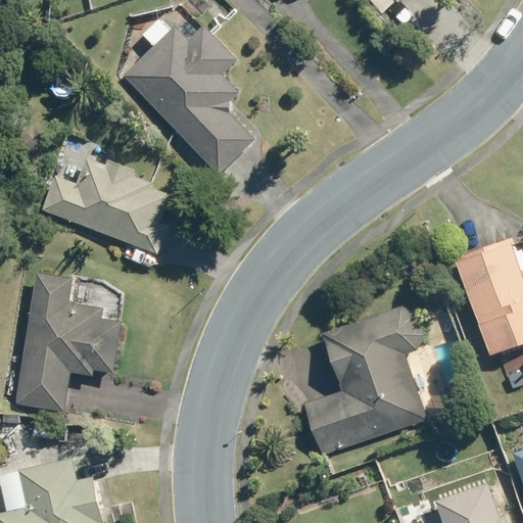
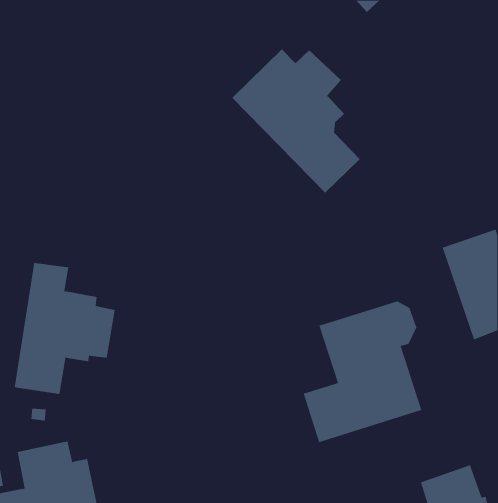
building: [121,25,254,175] -> [231,49,361,194]
building: [40,157,169,253] -> none

